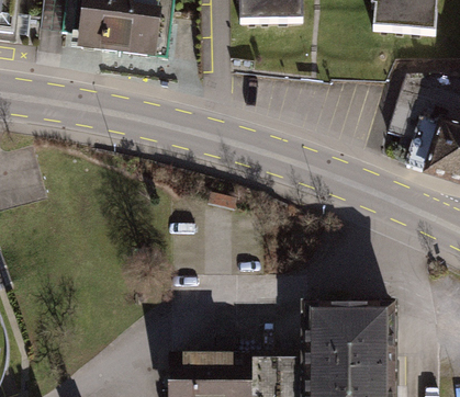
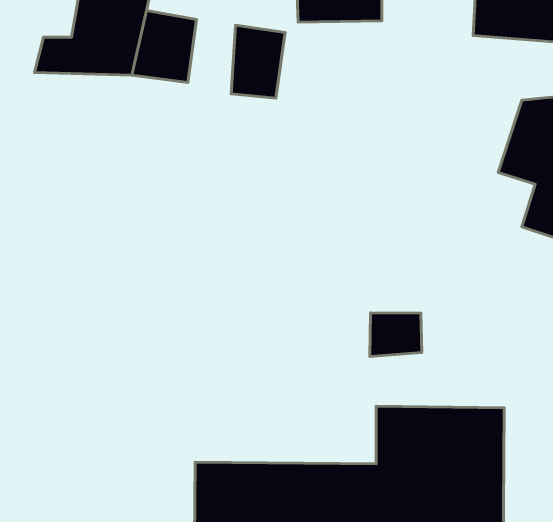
building: none -> [231,25,285,98]
building: none -> [370,313,422,356]

